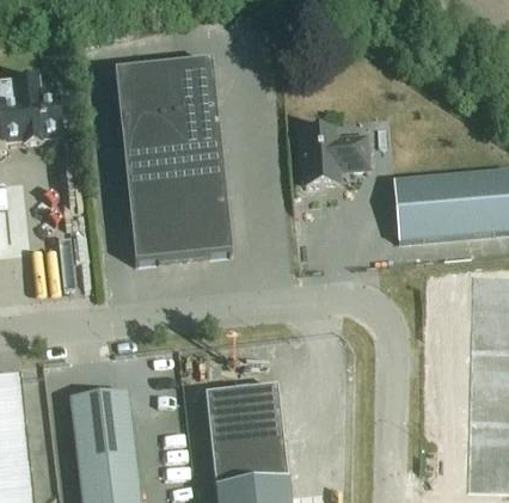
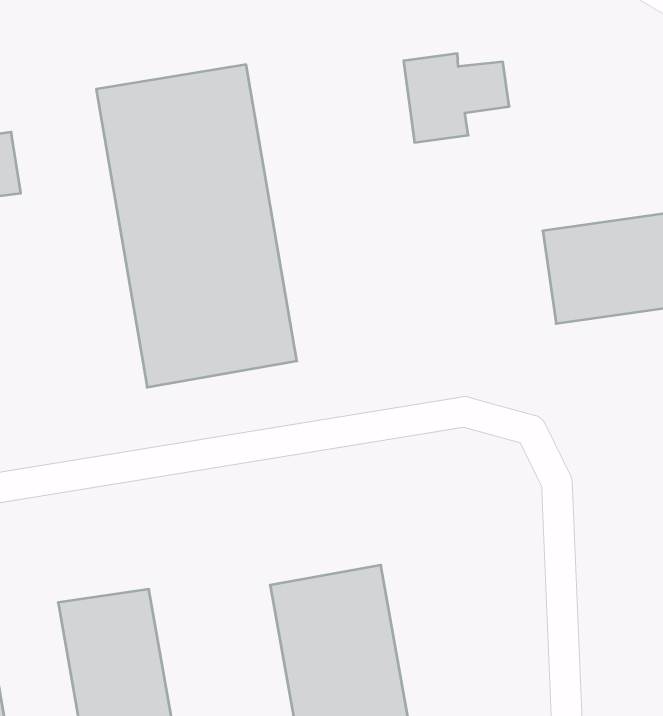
building: [305,131,370,186] -> [404,54,509,142]

